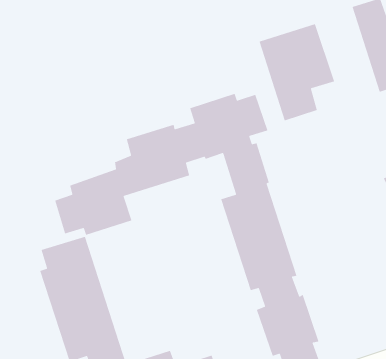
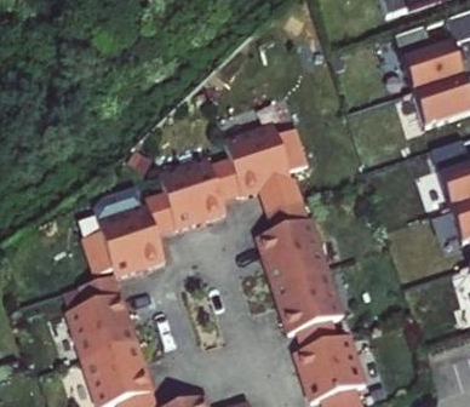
building: [258,23,335,121] -> none

